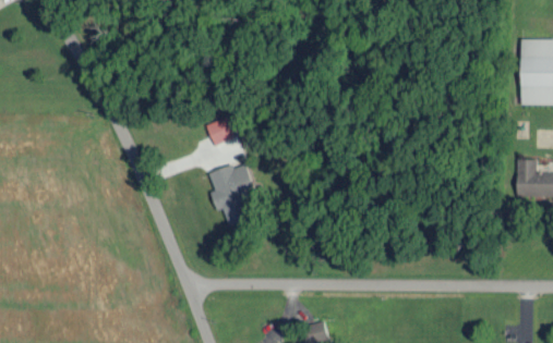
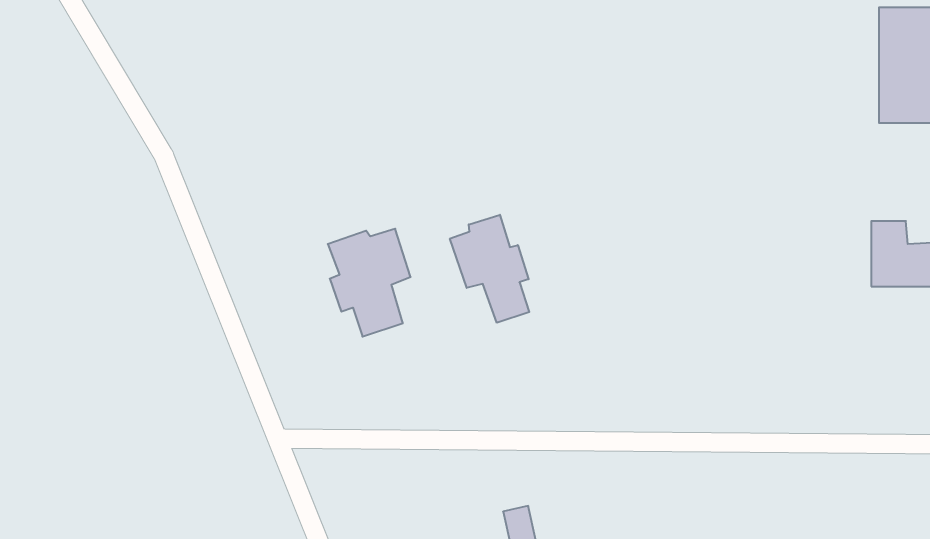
building: [207,118,236,146] -> none
building: none -> [450,215,529,323]

